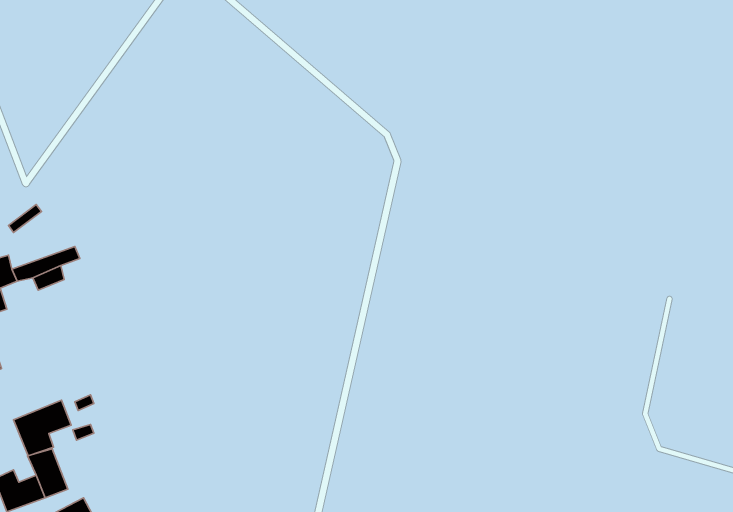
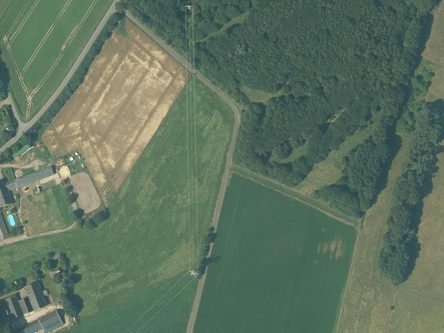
building: [14,400,71,456] -> none

